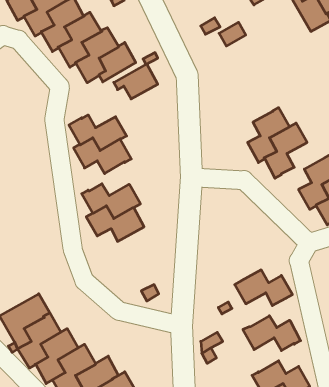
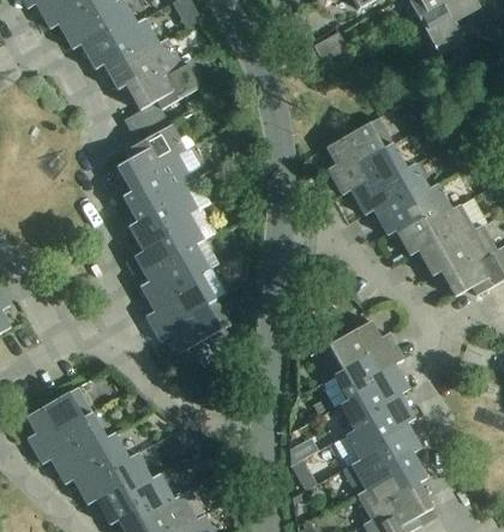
building: [114,64,158,99] -> [128,124,186,169]
building: none -> [326,118,391,189]
building: none -> [395,184,451,256]
building: none -> [128,213,204,258]
building: none -> [154,299,229,353]
building: none -> [319,321,395,375]
building: none -> [340,385,415,431]
building: none -> [342,444,426,494]

